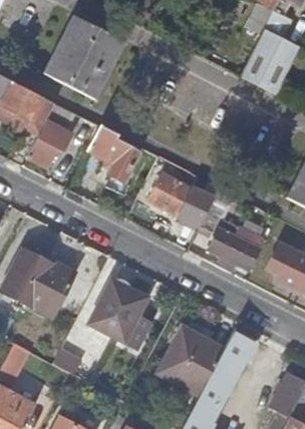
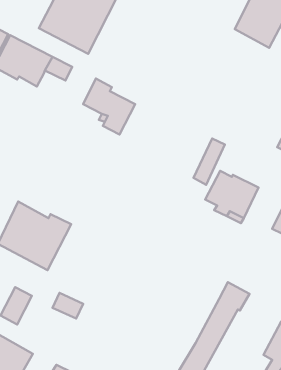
building: [27,120,72,166] -> none
building: [147,172,192,216] -> none
building: [88,279,148,348] -> none
building: [159,328,225,395] -> none

